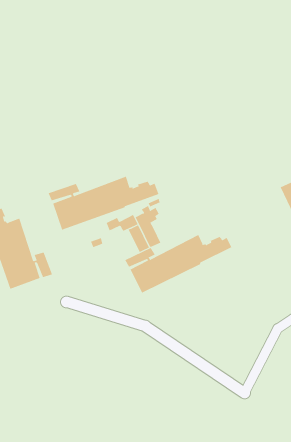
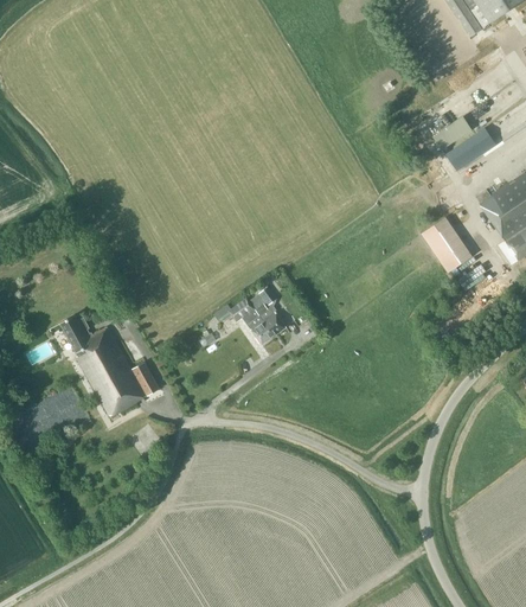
building: [48,176,159,230] -> none
building: [125,234,232,294] -> none

